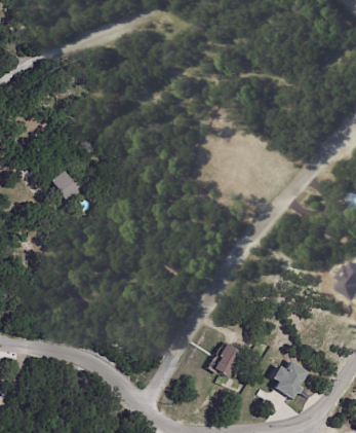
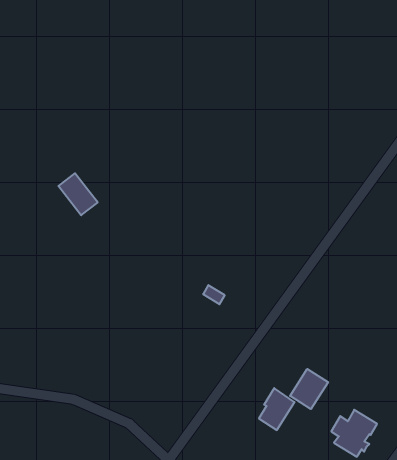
building: none -> [290,369,328,409]

